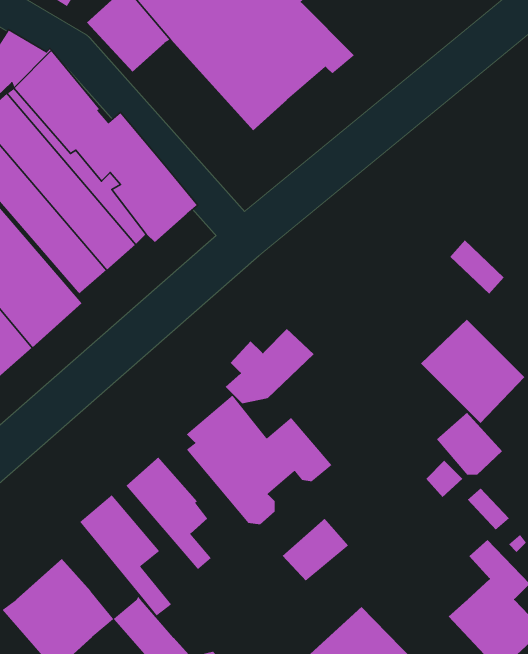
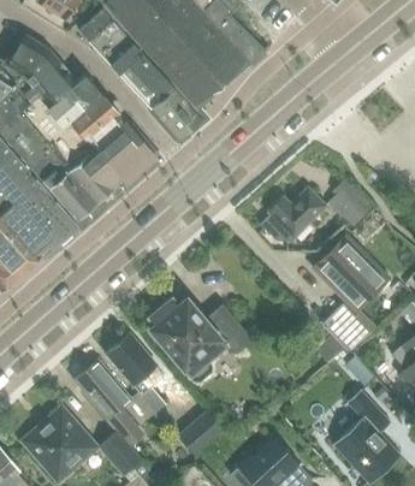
building: none -> [112,46,202,140]
building: [225,328,314,404] -> [263,190,326,243]
building: [282,518,349,582] -> [177,411,224,456]

